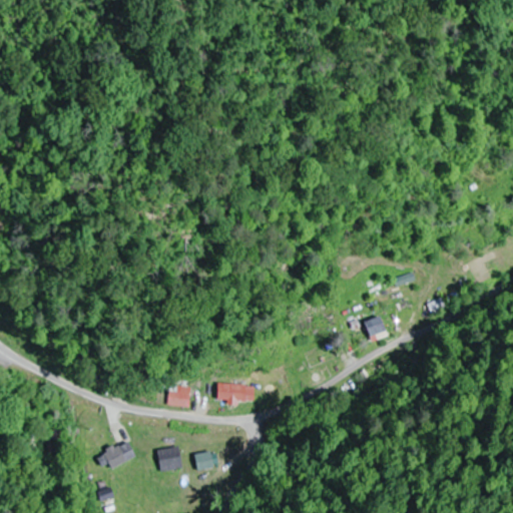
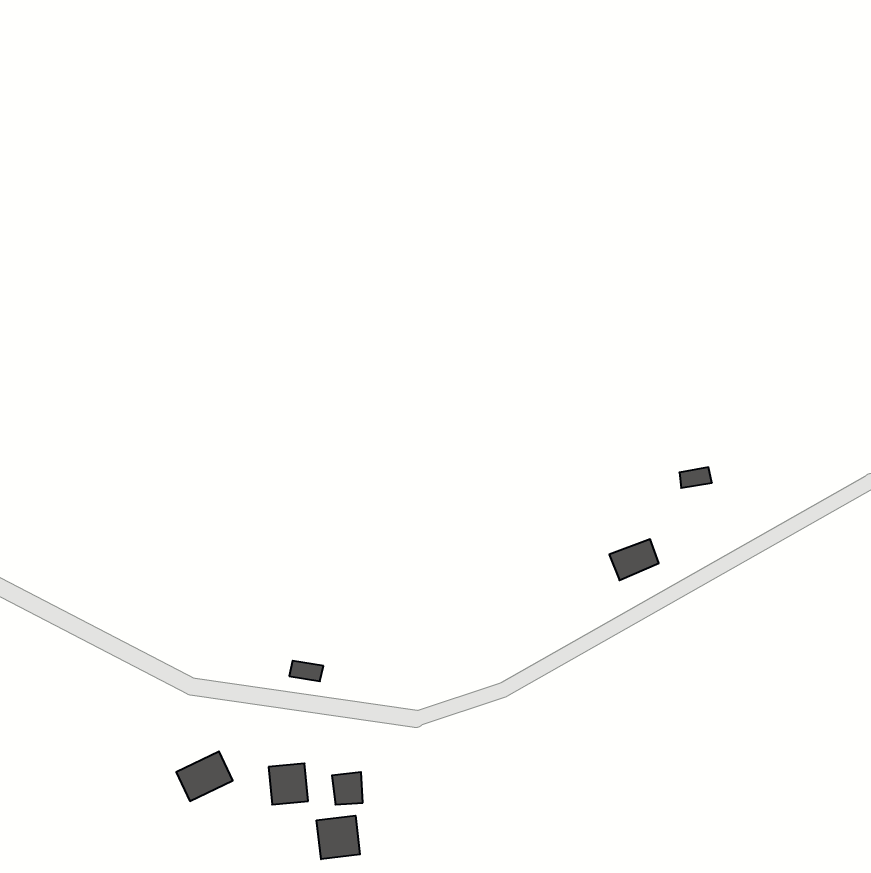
building: [218,385,254,402] -> none
building: none -> [317,816,360,859]

